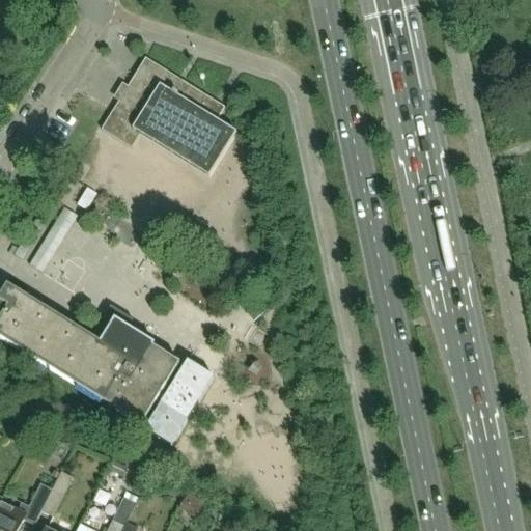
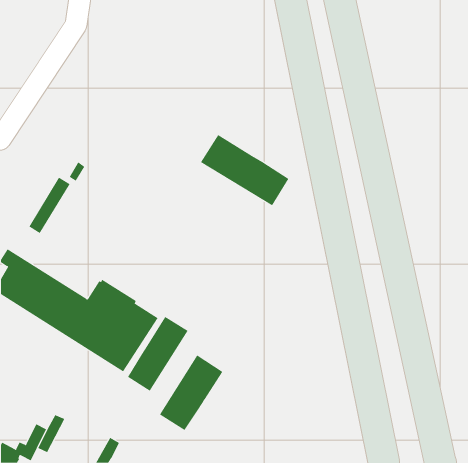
building: [101,55,236,174] -> none
building: none -> [200,134,289,206]
building: none -> [159,355,223,431]

